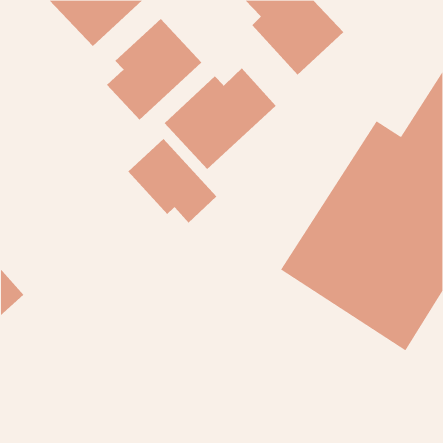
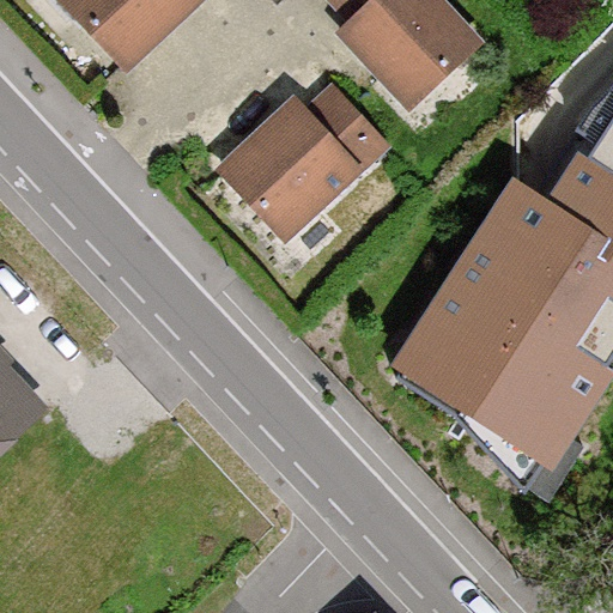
building: [106,18,202,120] -> none
building: [127,138,217,224] -> none

